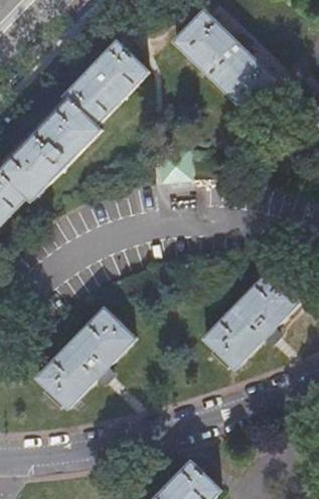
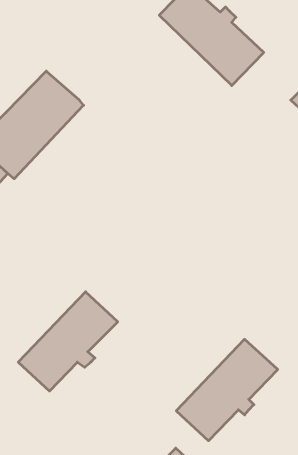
building: [65,41,149,124] -> none
building: [204,269,303,367] -> [176,339,278,441]

